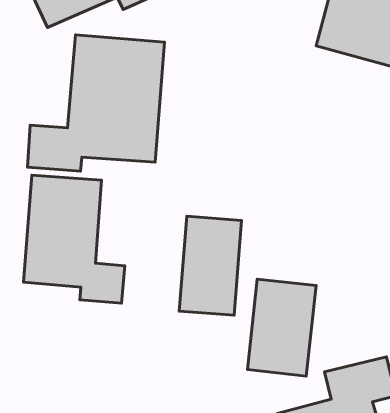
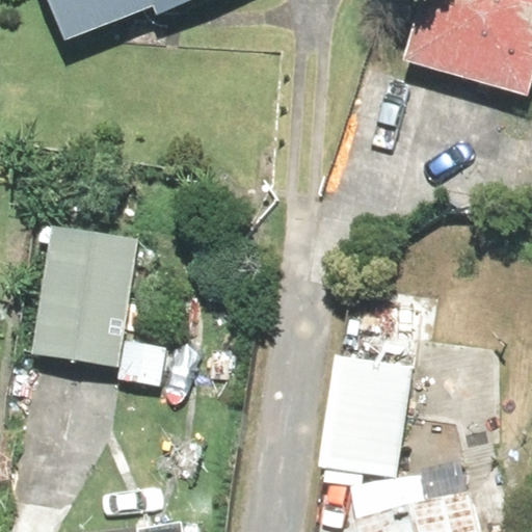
building: [27,35,164,171] -> none
building: [179,216,241,315] -> none

